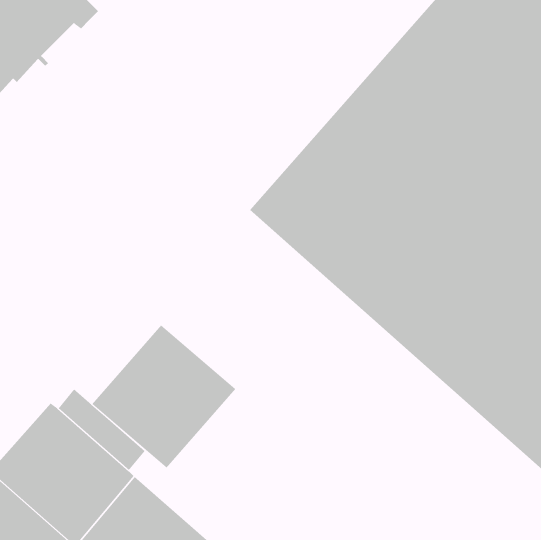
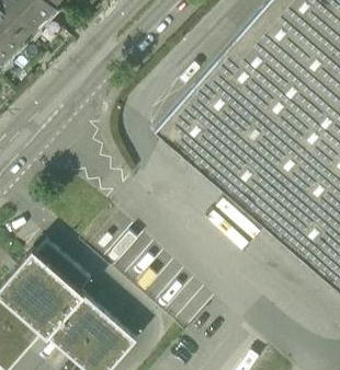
building: [92,325,236,469] -> none

